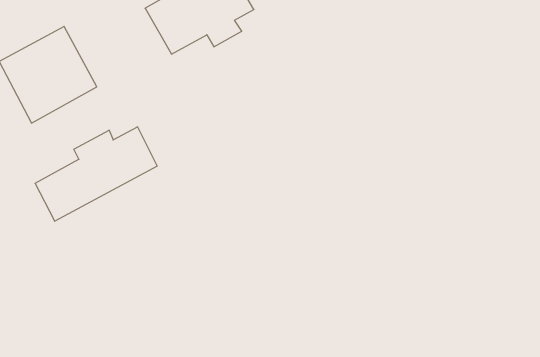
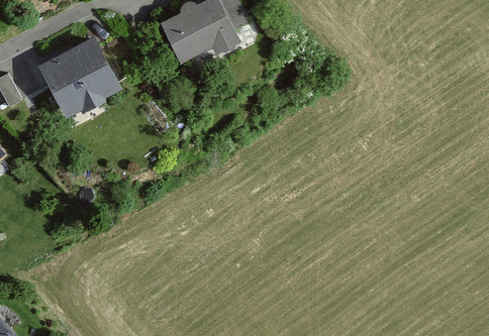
building: [35,127,157,221] -> none

